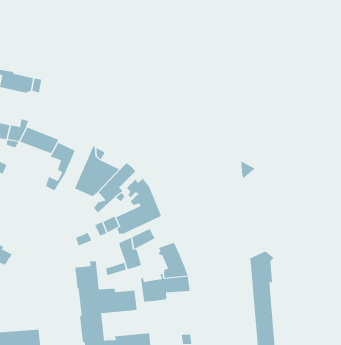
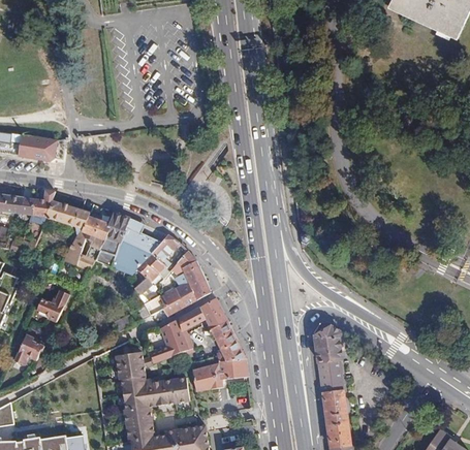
building: none -> [88,210,128,274]
building: none -> [62,231,86,265]
building: none -> [36,289,70,320]
building: none -> [198,297,226,328]

